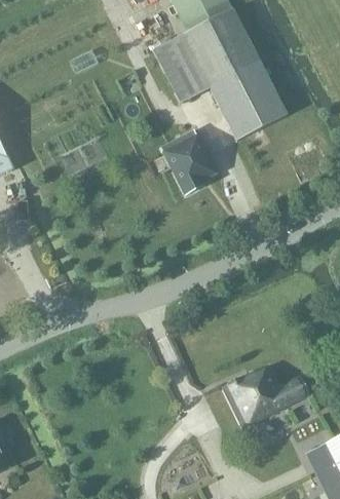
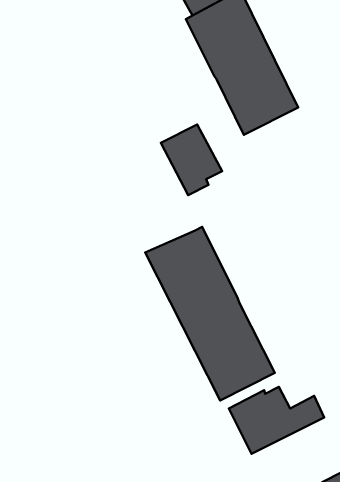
building: [153,34,211,104] -> none
building: none -> [145,227,275,400]

